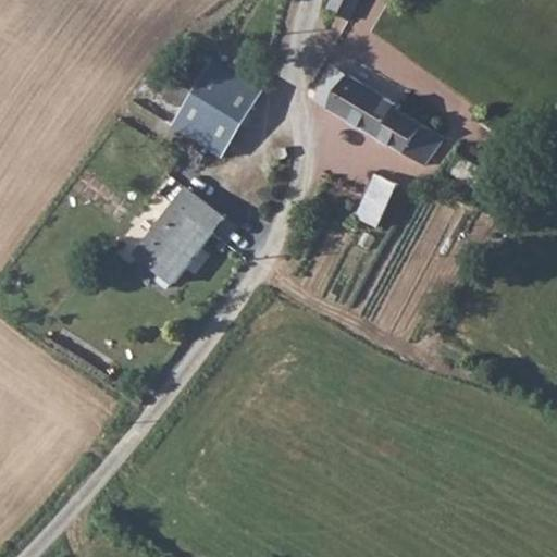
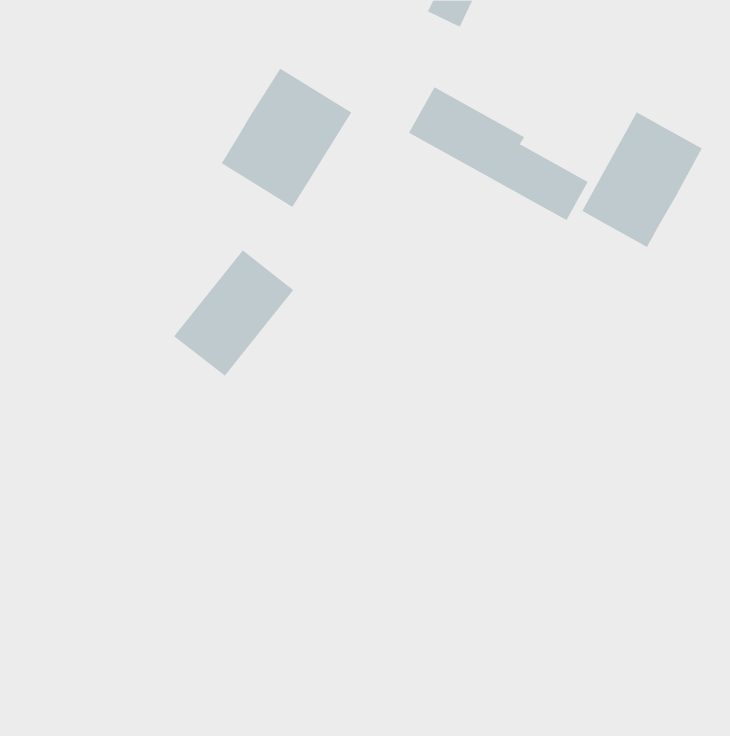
building: none -> [581,111,703,248]
building: [354,173,397,227] -> none

